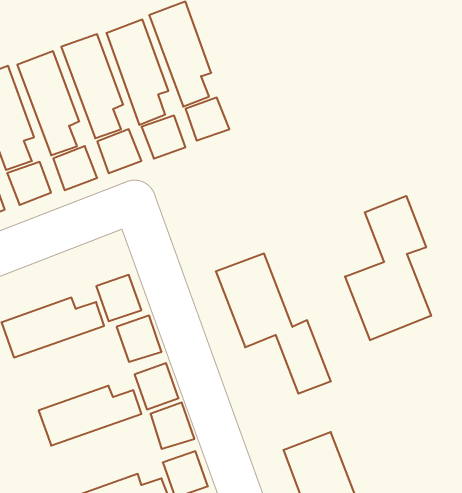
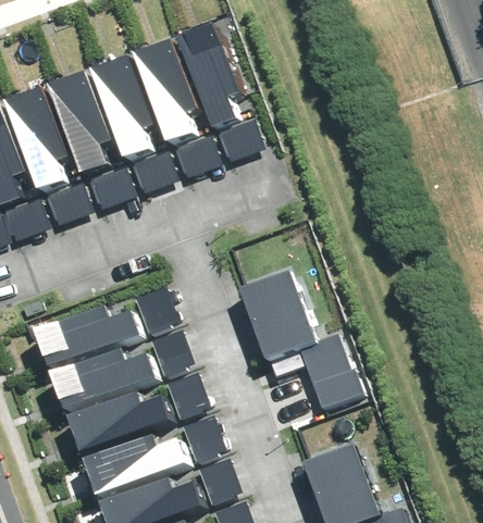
building: [345,196,431,340] -> none
building: none -> [55,352,154,409]
building: none -> [87,435,186,493]

